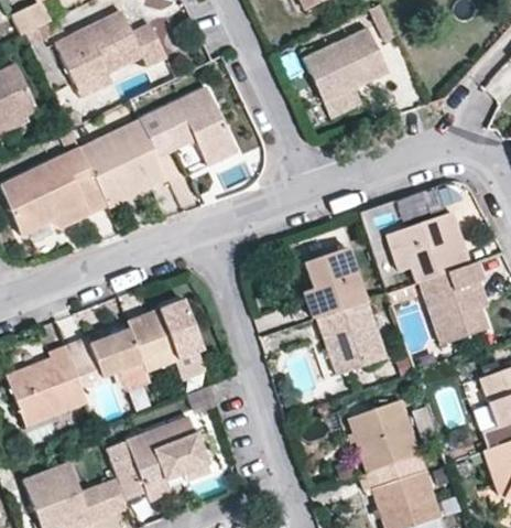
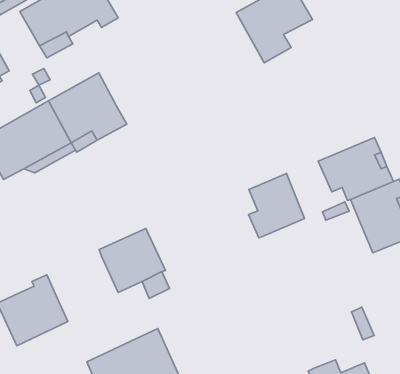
building: [140,86,238,165] -> none
building: [316,300,385,375] -> none
building: [66,328,150,391] -> none
building: [348,399,418,472] -> none

